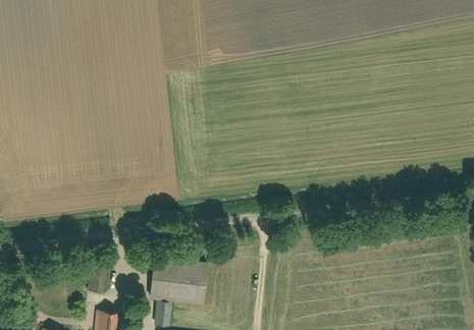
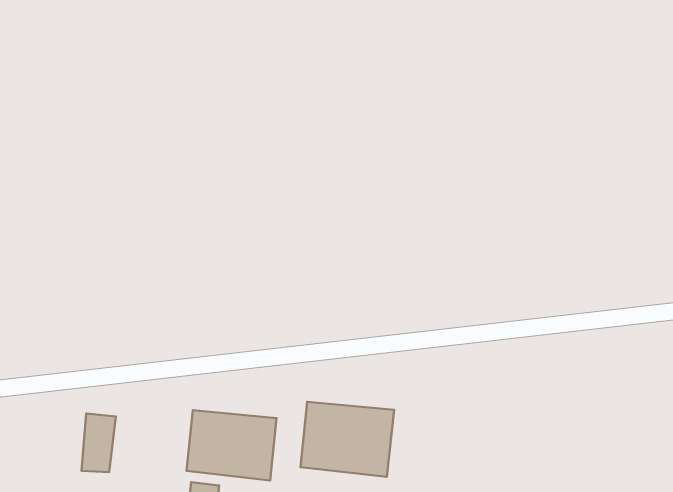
building: none -> [300,402,394,477]

